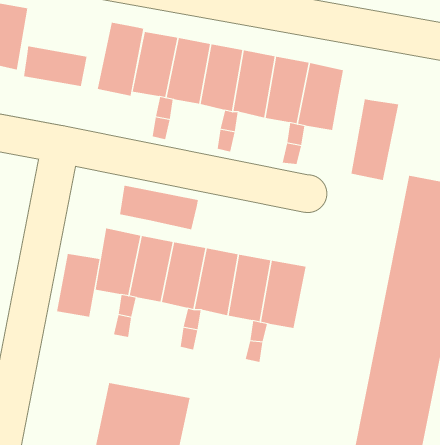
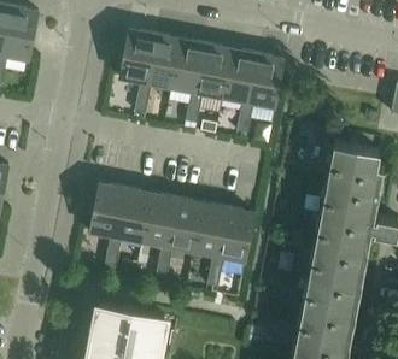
building: [97,22,144,96] -> none
building: [23,45,87,87] -> none
building: [351,98,399,181] -> none
building: [119,185,199,230] -> none
building: [57,253,100,317] -> none

